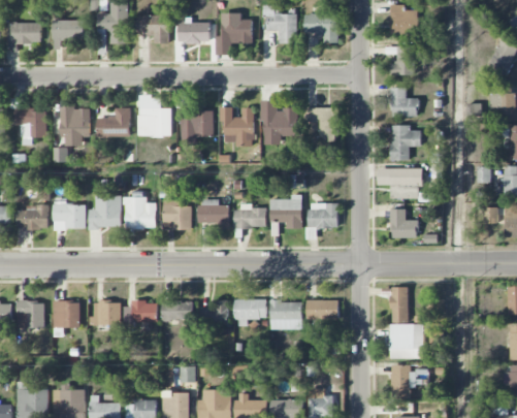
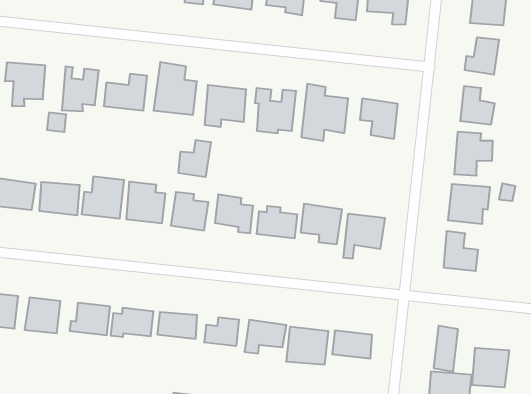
building: none -> [179,140,211,177]
building: none -> [472,348,509,387]

